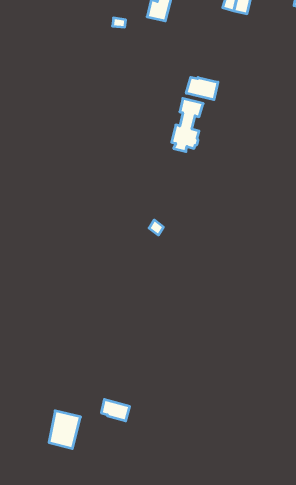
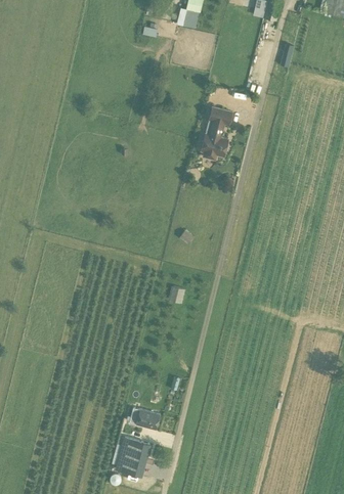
building: [186,77,218,100] -> none
building: [49,411,81,449] -> [119,438,150,476]

